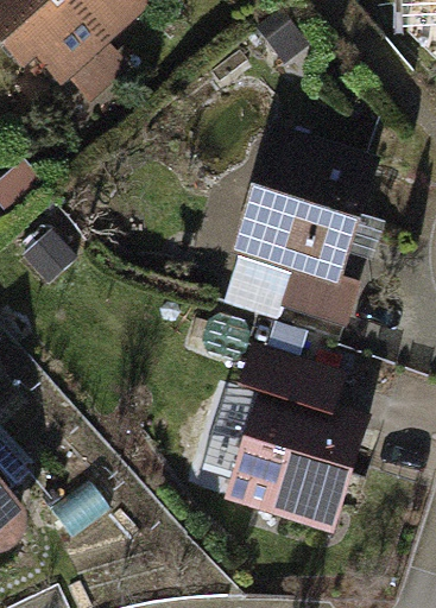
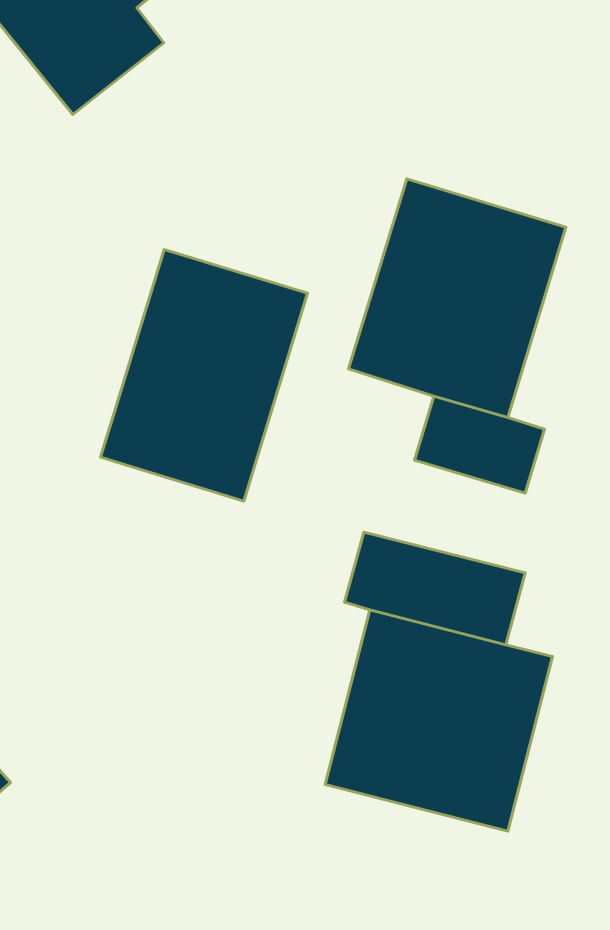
building: none -> [100,249,308,501]

